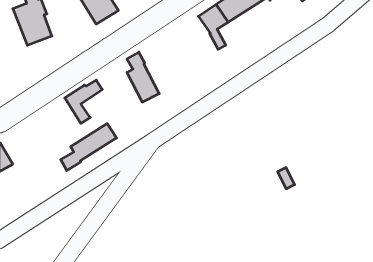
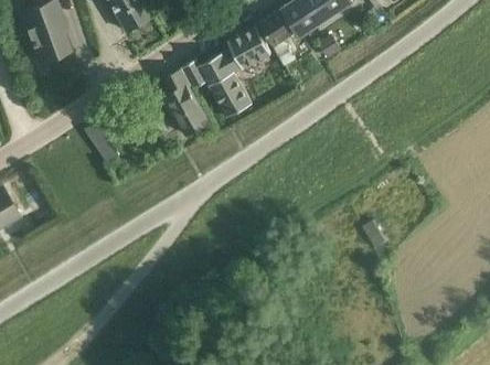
building: none -> [182,25,271,118]
building: [61,124,117,171] -> none

